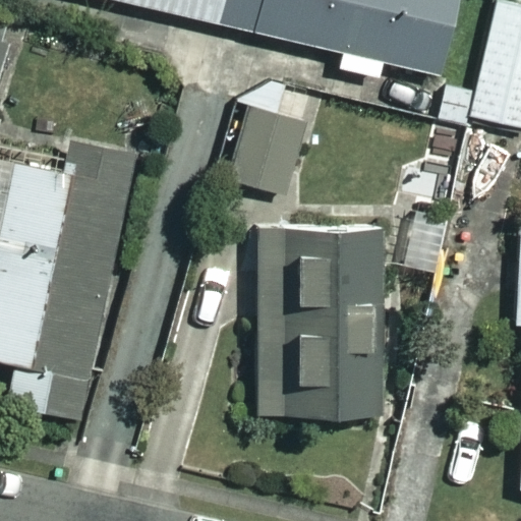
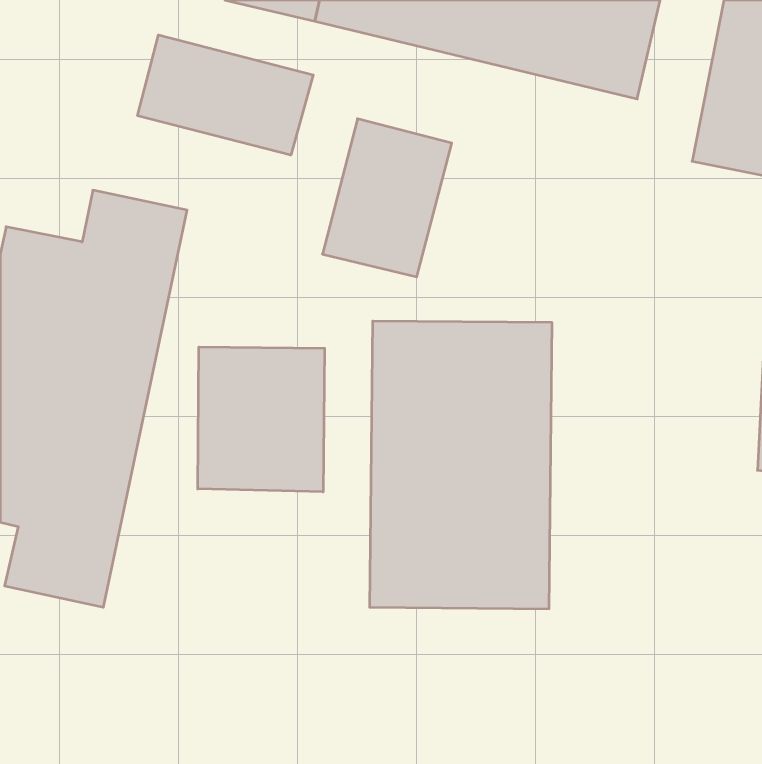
building: none -> [138,35,313,155]
building: none -> [198,347,325,492]

